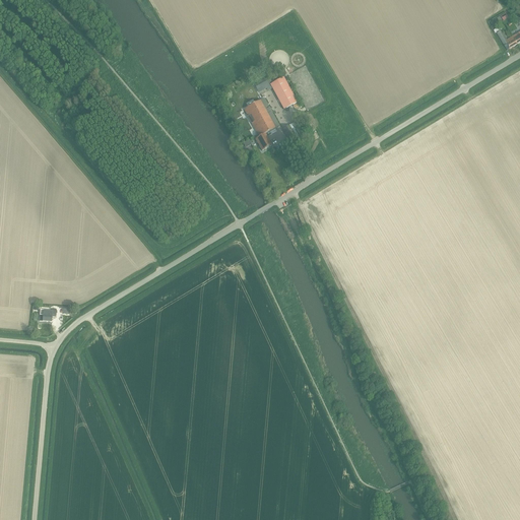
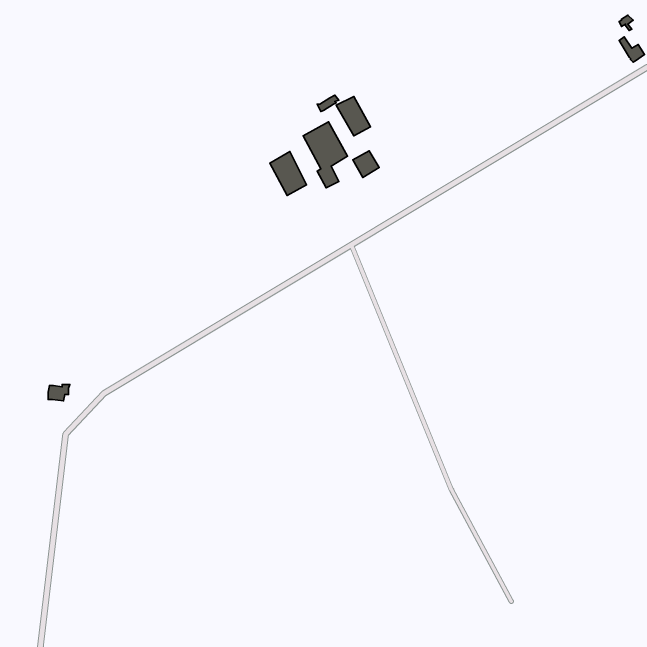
building: none -> [270,152,306,195]

